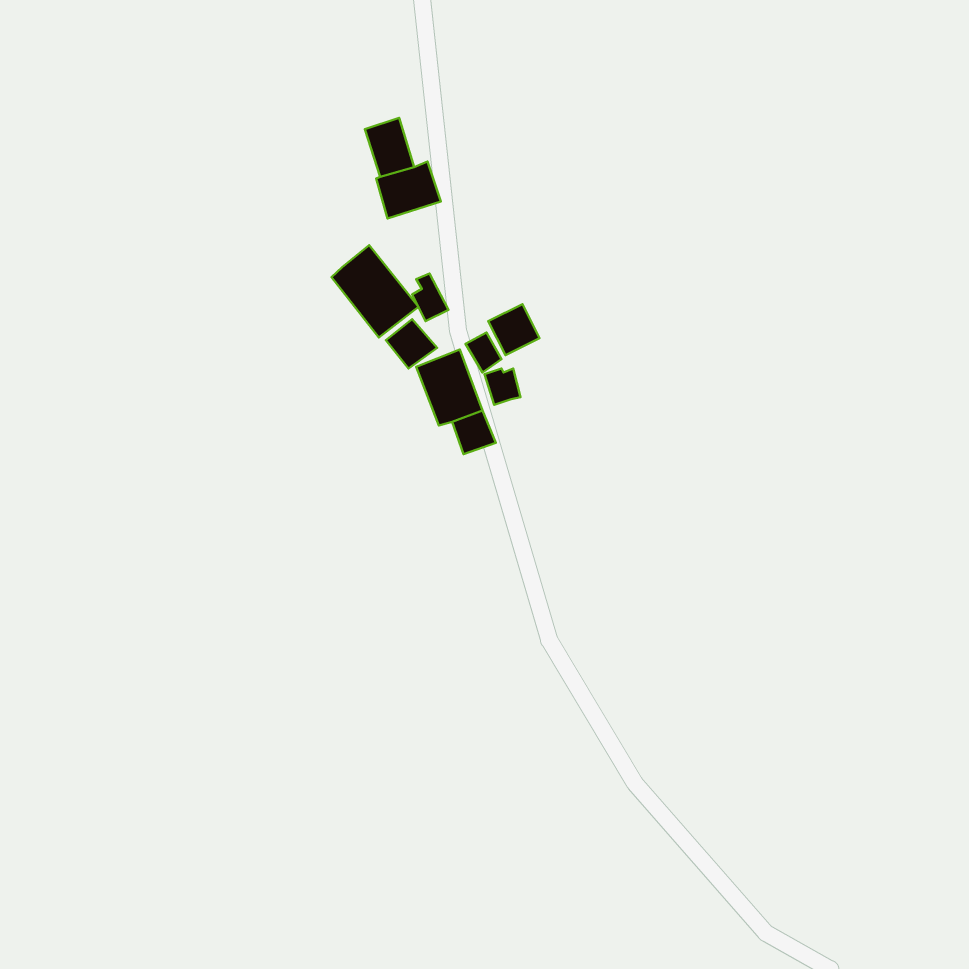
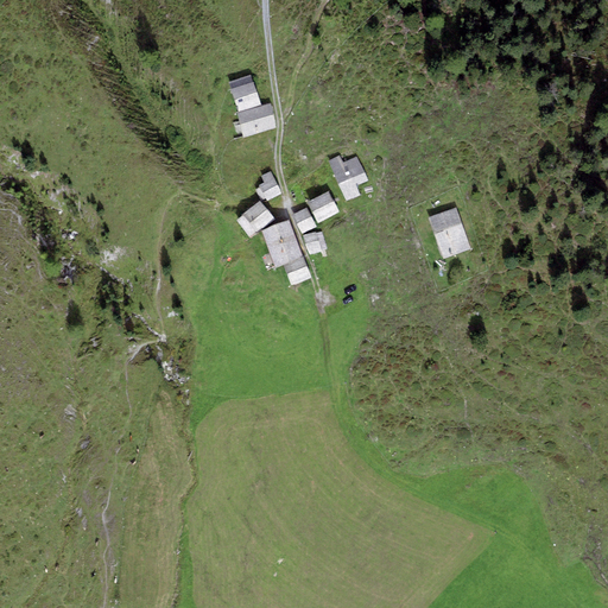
building: [331,245,418,338] -> none
building: none -> [328,156,367,201]
building: none -> [428,207,469,256]

